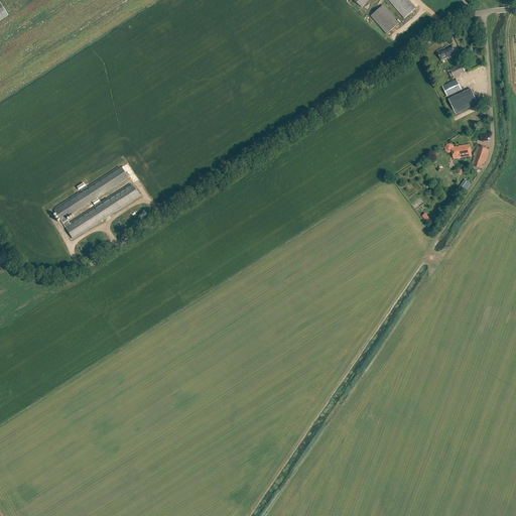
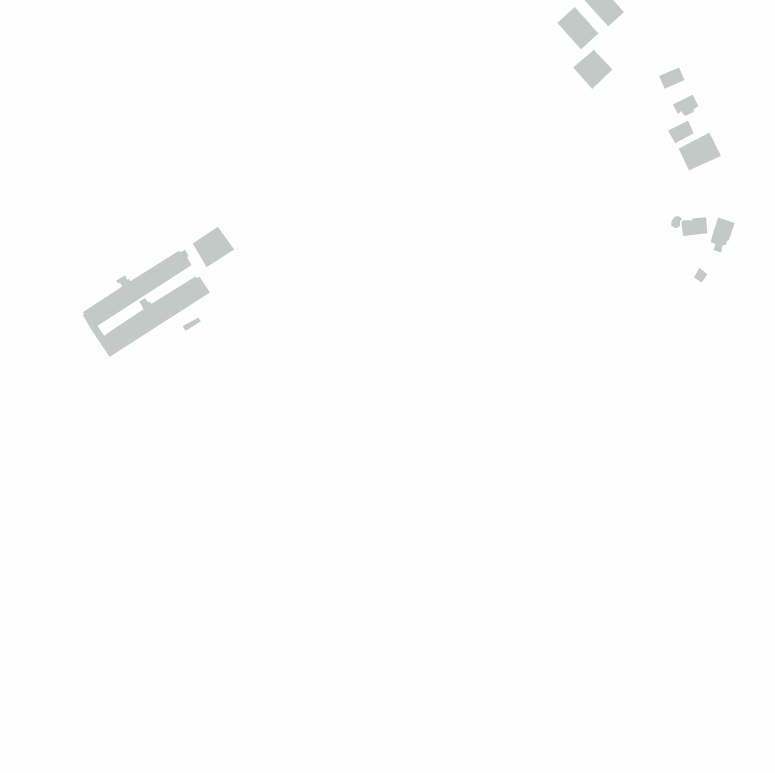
building: none -> [572,49,613,90]
building: none -> [192,226,235,268]

